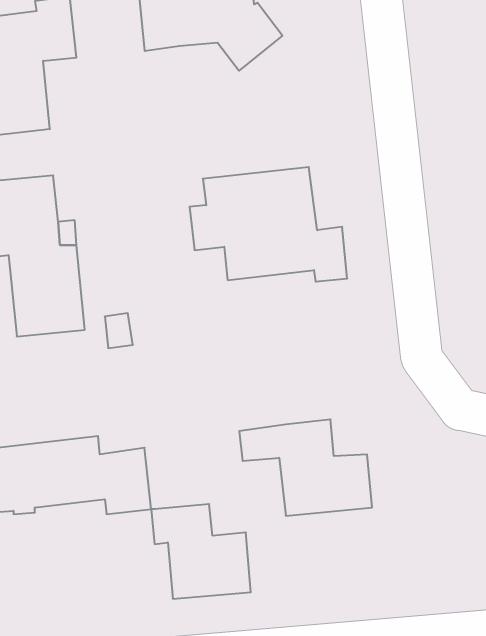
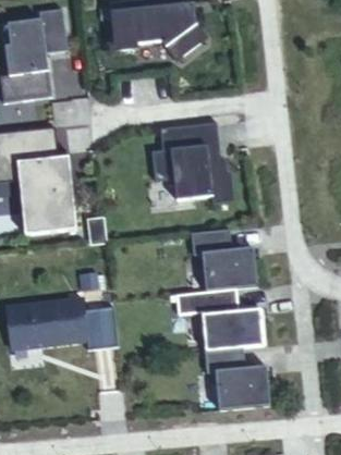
building: none -> [191,229,256,291]
building: [151,504,251,599] -> [204,347,269,409]

